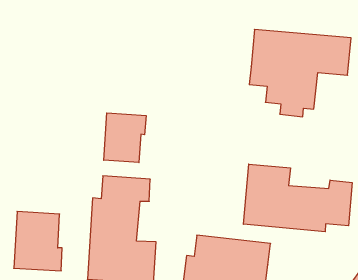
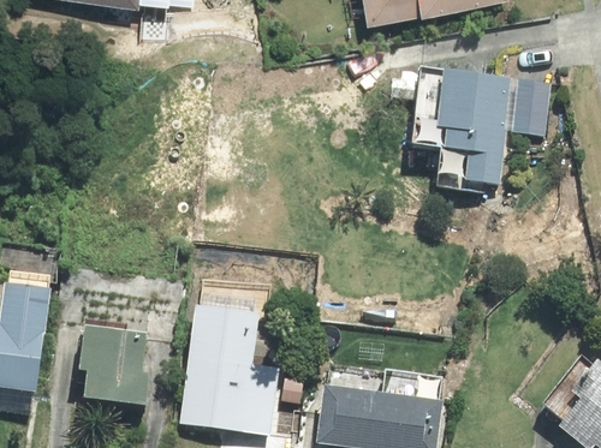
building: [104,113,146,163] -> none
building: [243,164,352,232] -> none

